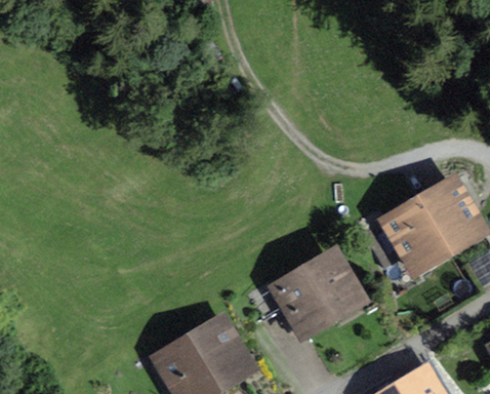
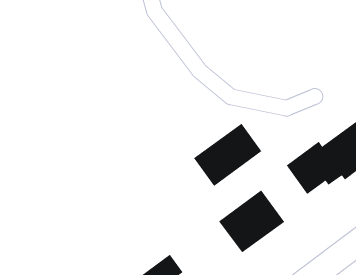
building: none -> [193,123,262,187]

